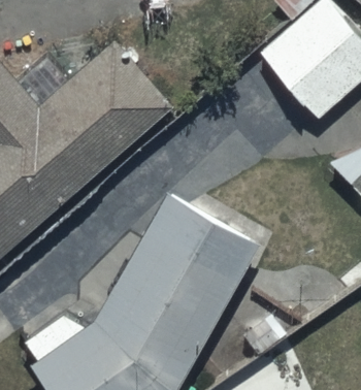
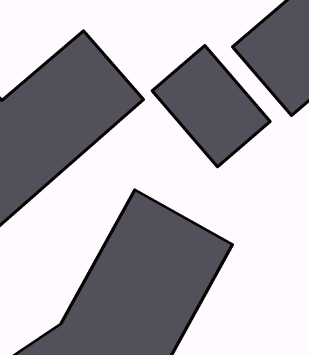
building: none -> [152,46,270,167]

